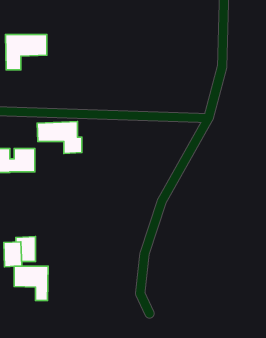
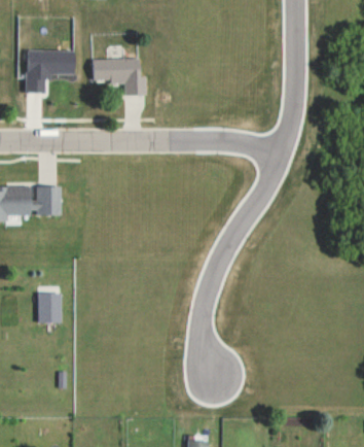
building: [37,122,82,153] -> [93,58,146,96]
building: [14,266,48,301] -> none

